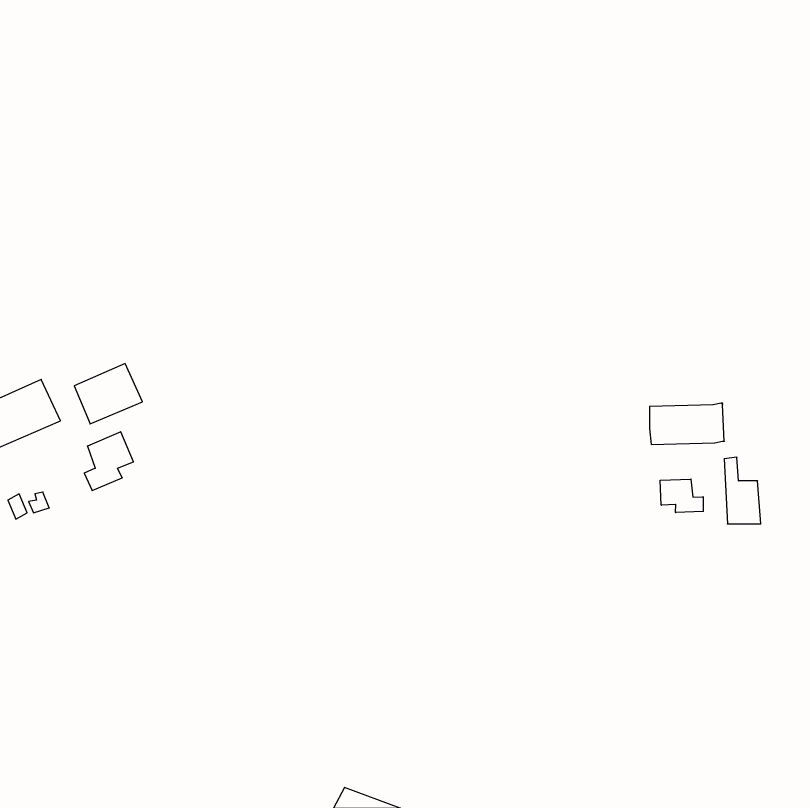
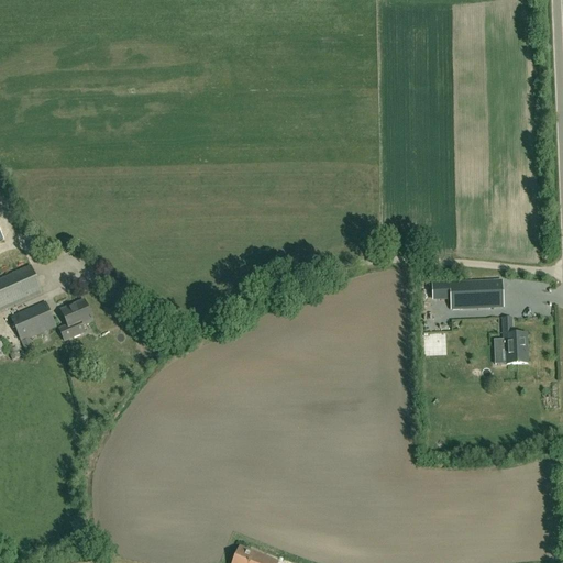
building: [74,364,142,424] -> [9,299,56,341]
building: [660,479,703,513] -> none

